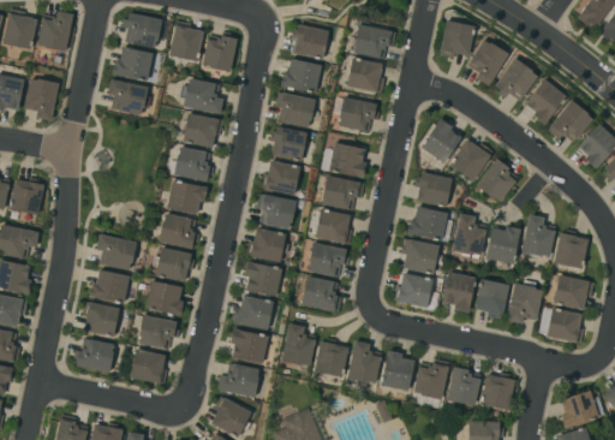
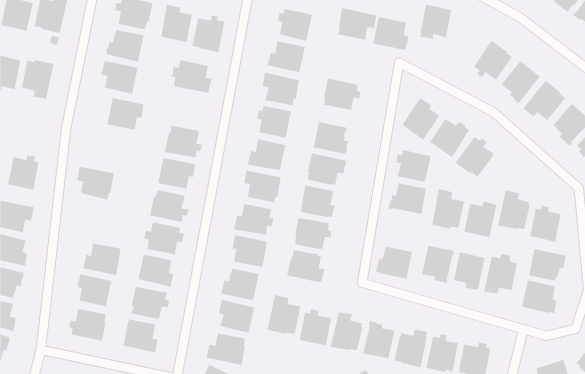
building: [467,40,508,87] -> none
building: [346,58,384,94] -> [372,16,409,51]
building: [183,113,222,148] -> [107,97,145,131]
building: [96,234,136,270] -> [77,166,115,200]
building: [400,239,438,274] -> none

